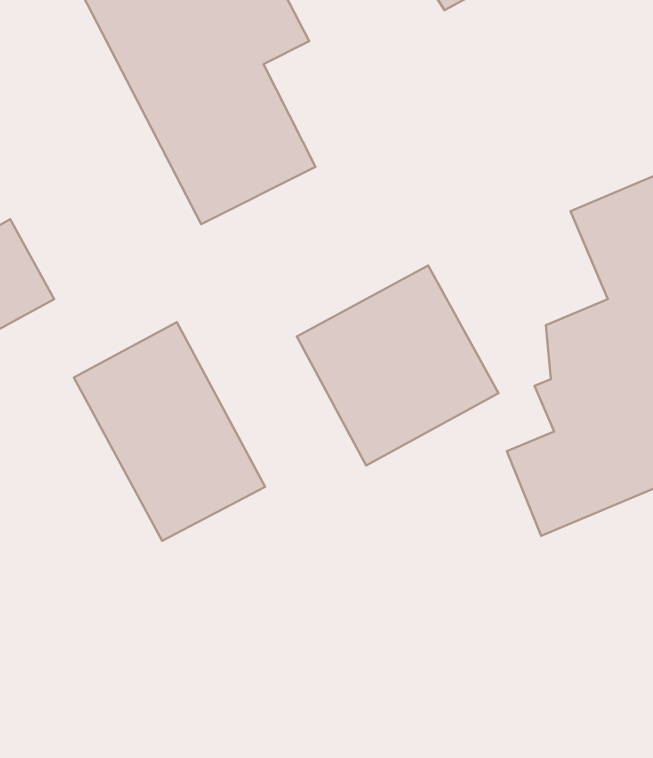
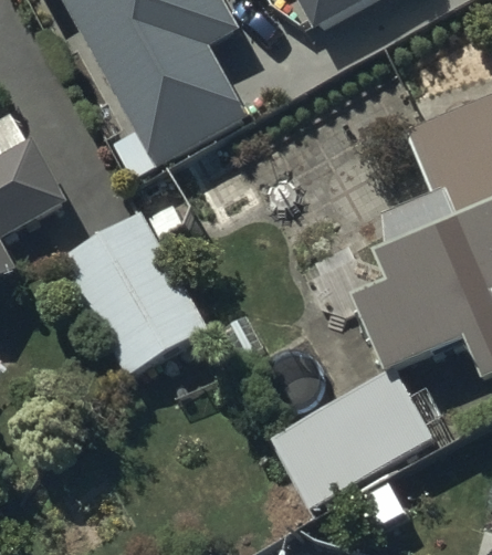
building: [297,266,498,466] -> none
building: none -> [278,373,419,498]

